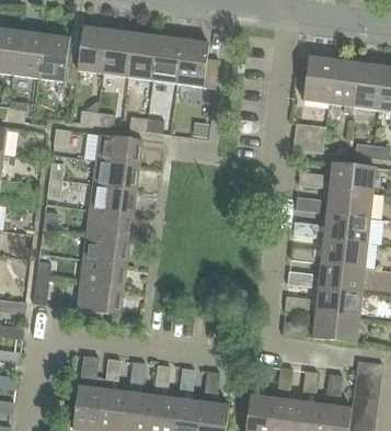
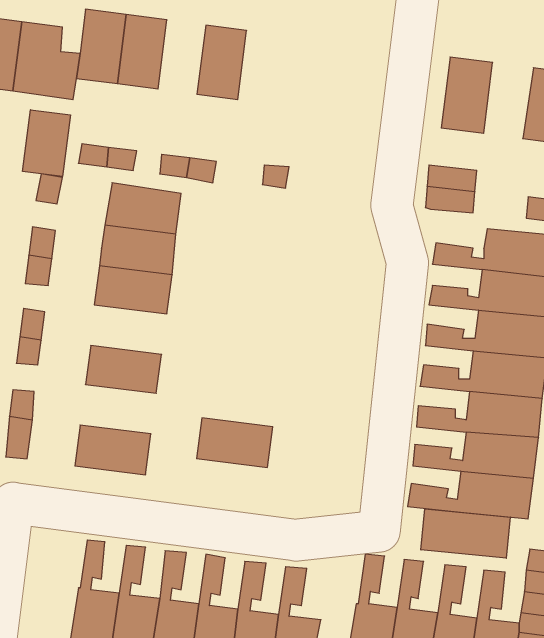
building: [127,33,157,79] -> none
building: [176,39,218,88] -> none
building: [329,59,359,113] -> none
building: none -> [23,110,70,177]
building: [85,209,133,240] -> none
building: [79,259,126,290] -> [197,418,273,467]
building: none -> [421,509,510,558]

